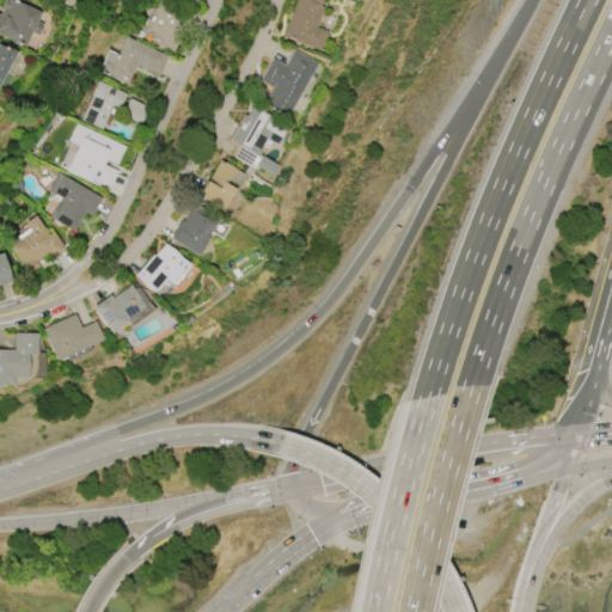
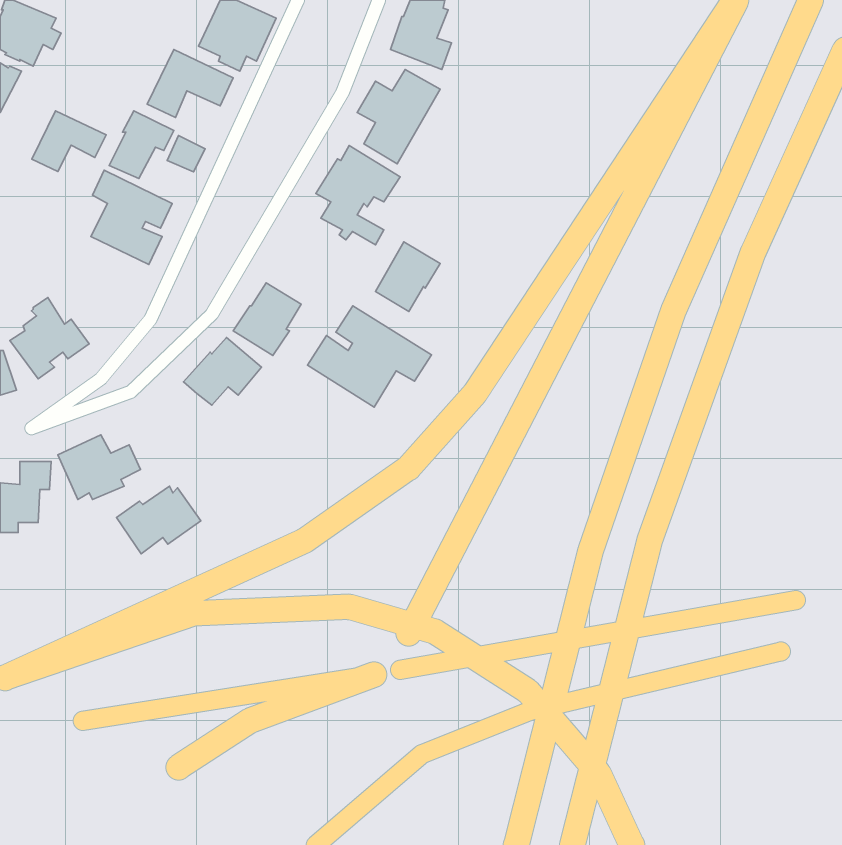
building: none -> [32,111,106,172]
building: [201,159,247,209] -> [376,242,440,311]
building: [49,172,103,232] -> none
building: none -> [307,306,431,407]
building: [94,284,155,333] -> [116,486,201,554]

